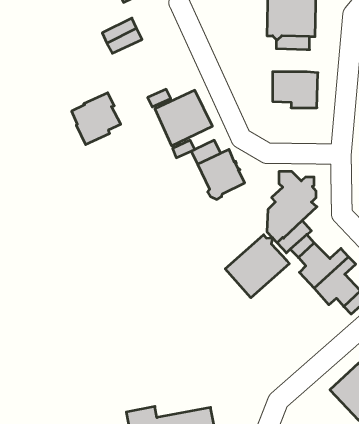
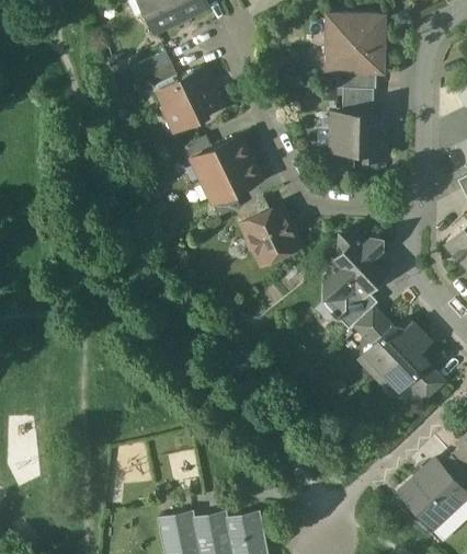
building: none -> [343,89,373,115]
building: [72,93,121,145] -> [160,69,218,130]
building: [225,235,289,298] -> none

